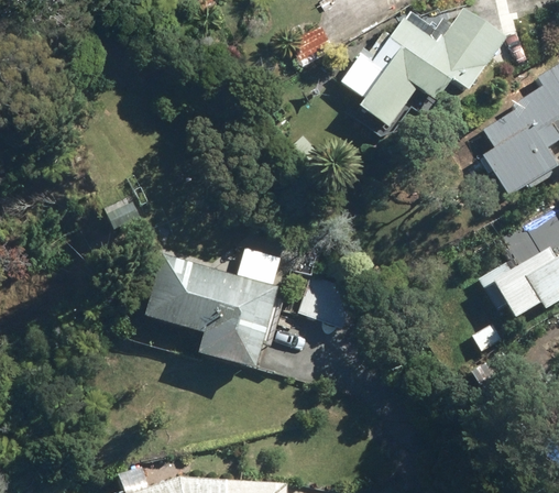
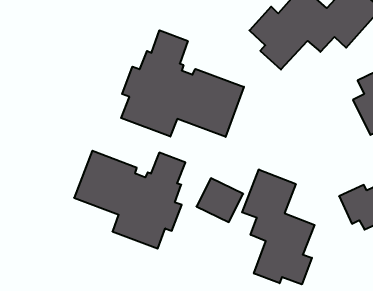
building: none -> [121,30,244,137]
building: none -> [242,169,315,284]

